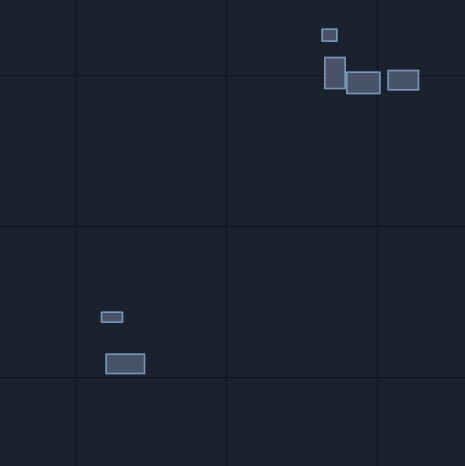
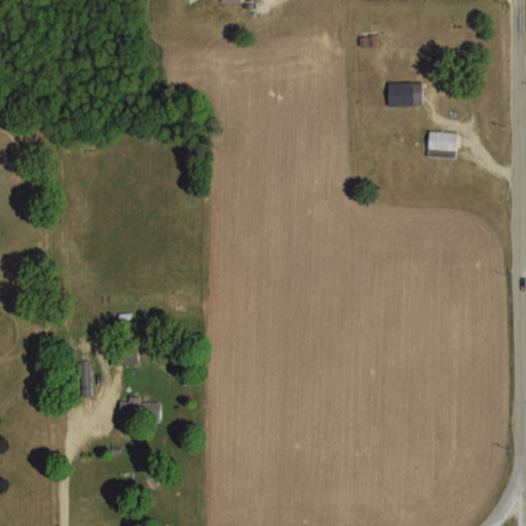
building: [325,57,345,89] -> none
building: [388,71,418,90] -> [421,133,455,154]

